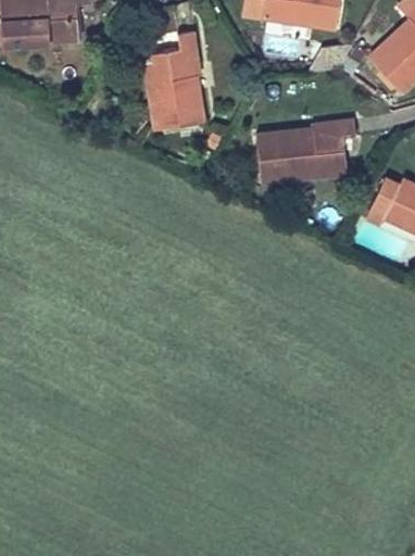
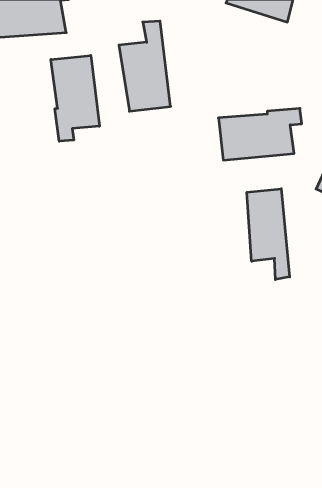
building: none -> [51,55,99,141]
building: none -> [247,189,290,280]

